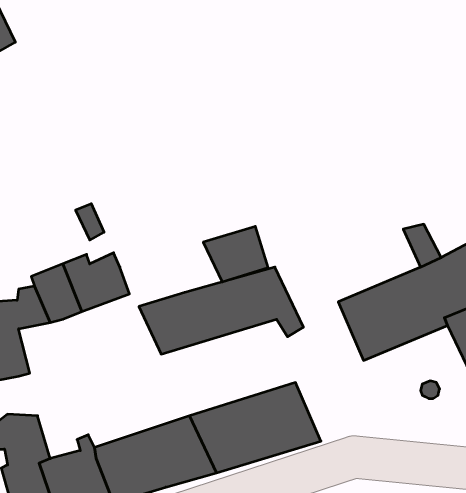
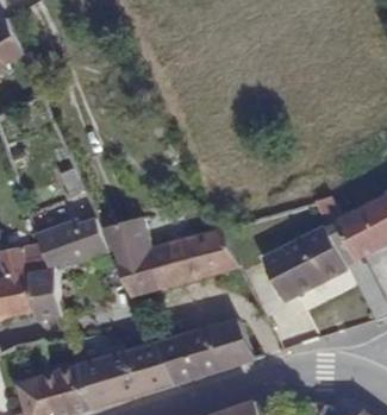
building: [203,226,268,282] -> [102,218,151,259]
building: none -> [26,270,61,316]

